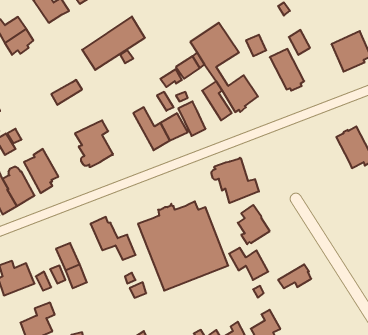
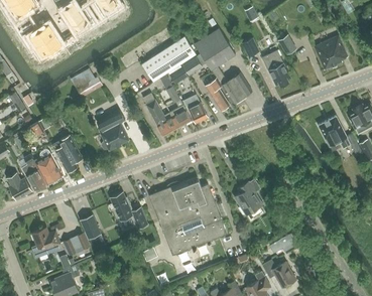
building: [82,16,145,70] -> [141,36,195,82]
building: [212,158,259,203] -> none
building: [229,248,268,280] -> [261,260,294,287]

